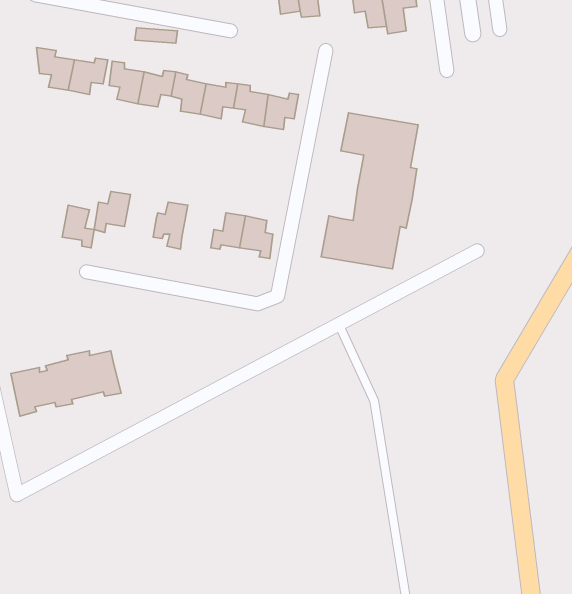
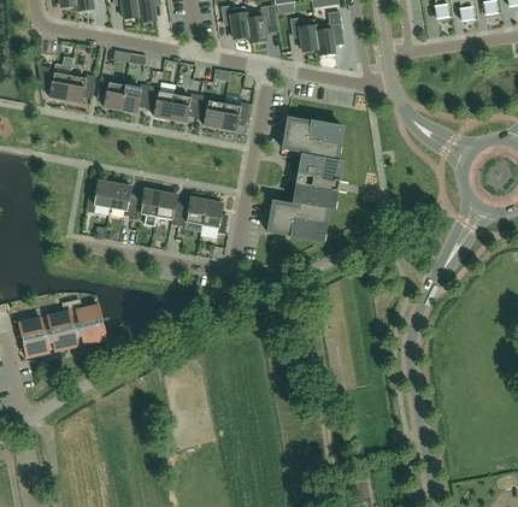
building: [62,205,94,248] -> [110,182,135,216]
building: none -> [155,190,182,224]

